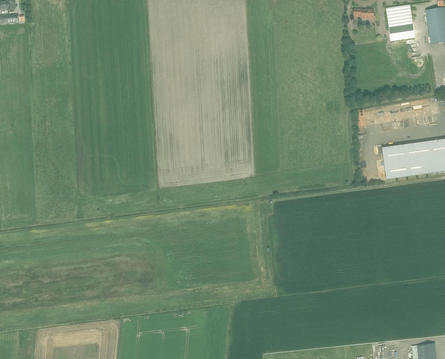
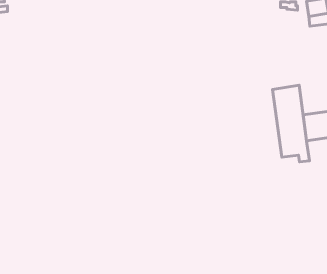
building: none -> [272,85,310,162]

